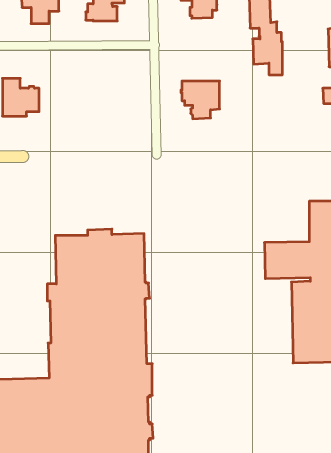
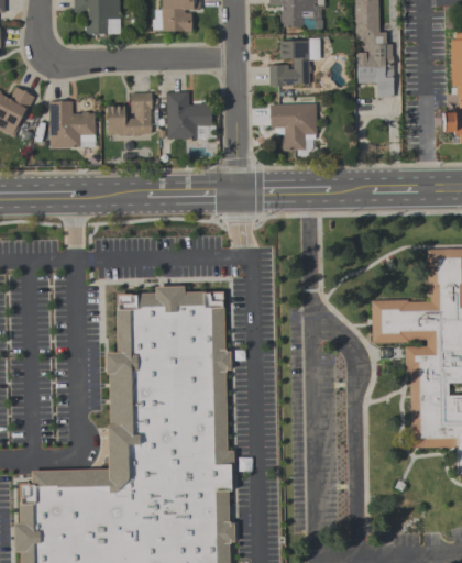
building: none -> [271,38,322,87]
building: none -> [109,92,153,136]
building: none -> [167,92,213,140]

